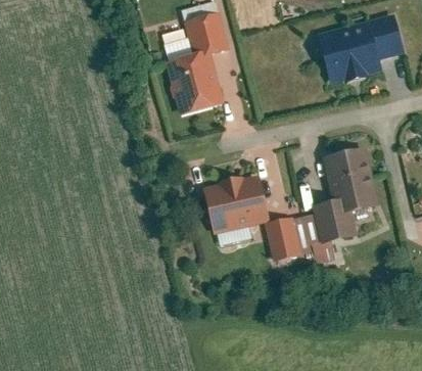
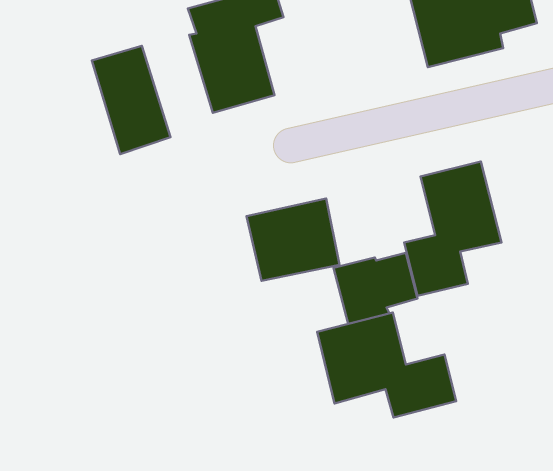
building: none -> [92,46,170,154]
building: none -> [317,313,456,417]

